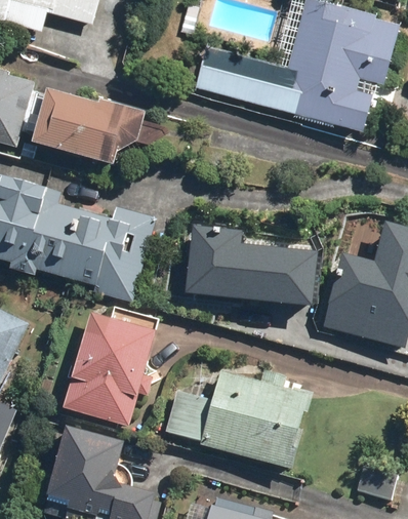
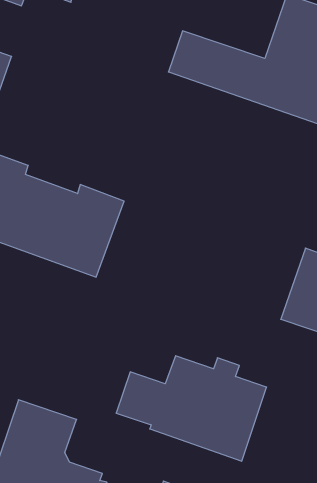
building: [30,88,145,165] -> none
building: [185,225,319,307] -> none
building: [62,311,155,425] -> none

